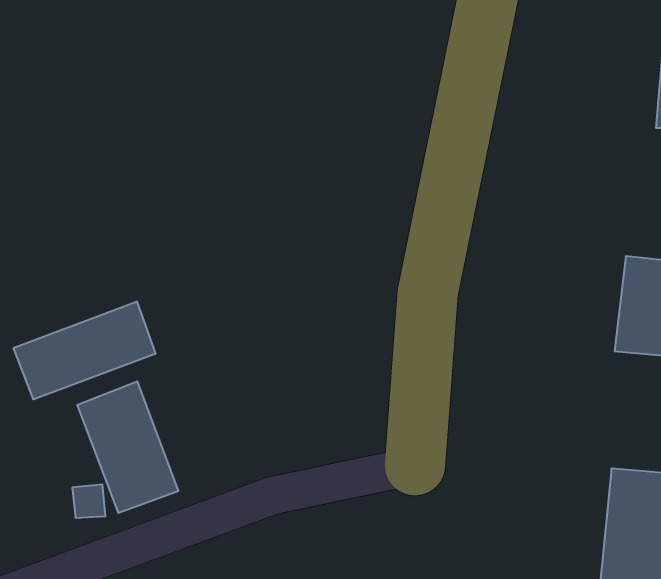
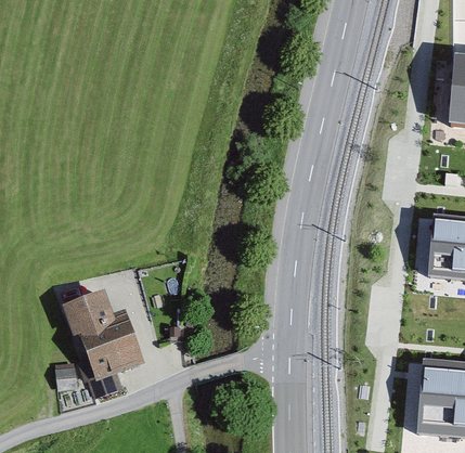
building: [14,301,155,399] -> none

